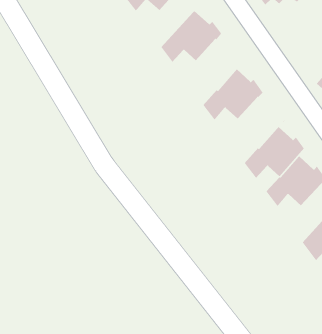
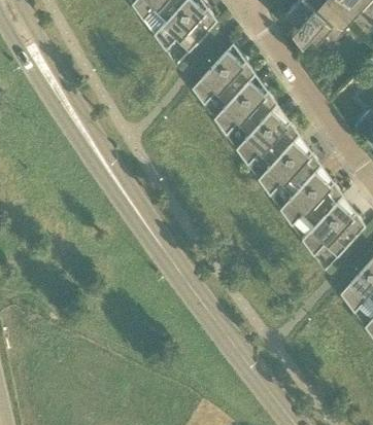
building: none -> [213,81,277,137]
building: none -> [257,142,320,197]

